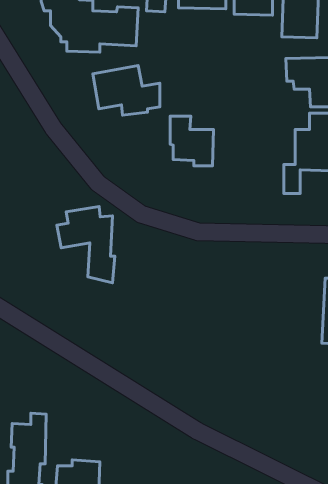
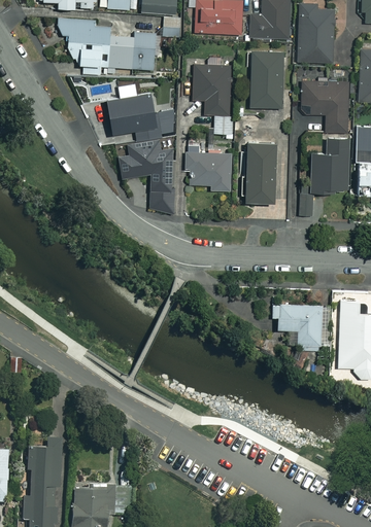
building: none -> [250,51,282,107]
building: none -> [193,64,232,134]
building: none -> [248,140,279,201]
building: [57,207,115,283] -> [121,137,178,213]
building: none -> [273,304,330,345]

